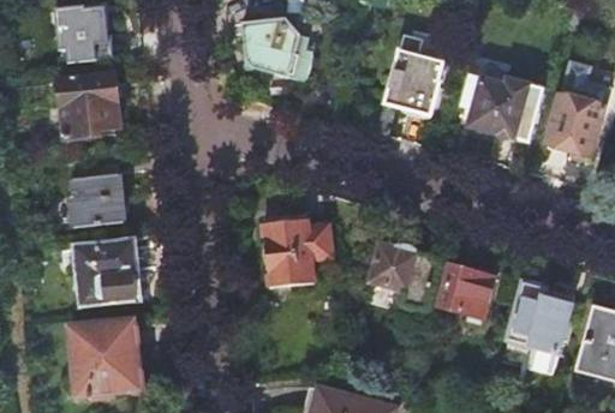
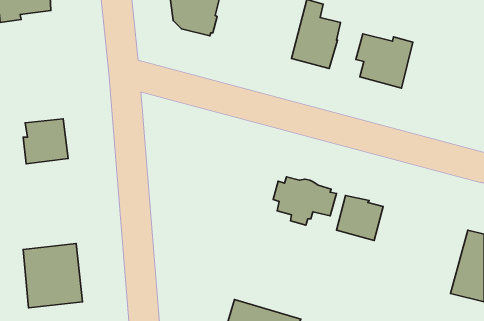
building: [547,73,603,154] -> none
building: [58,74,120,139] -> none
building: [262,216,332,287] -> none
building: [77,243,135,301] -> none
building: [509,280,573,373] -> none

